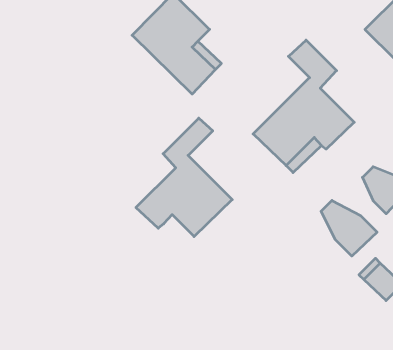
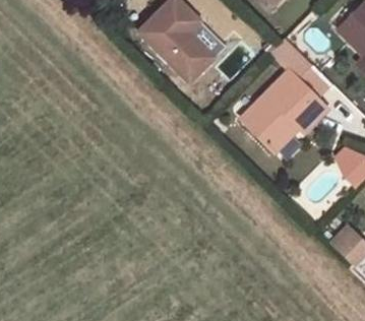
building: [136,118,232,237] -> none
building: [321,200,377,256] -> none

